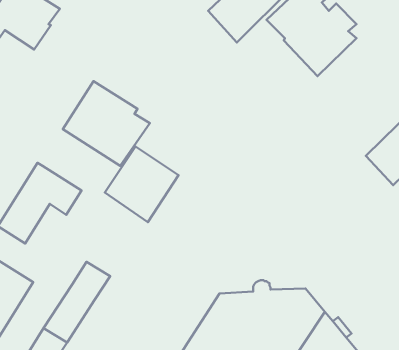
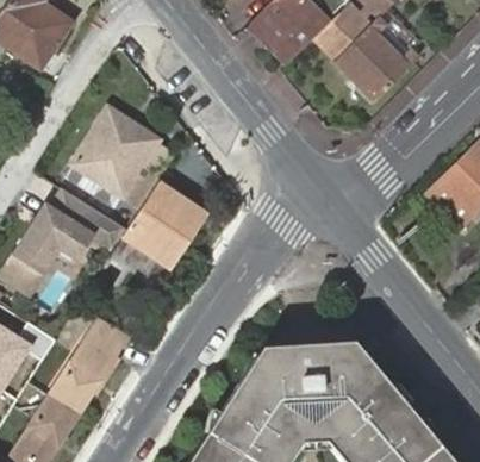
building: none -> [51,188,126,252]

